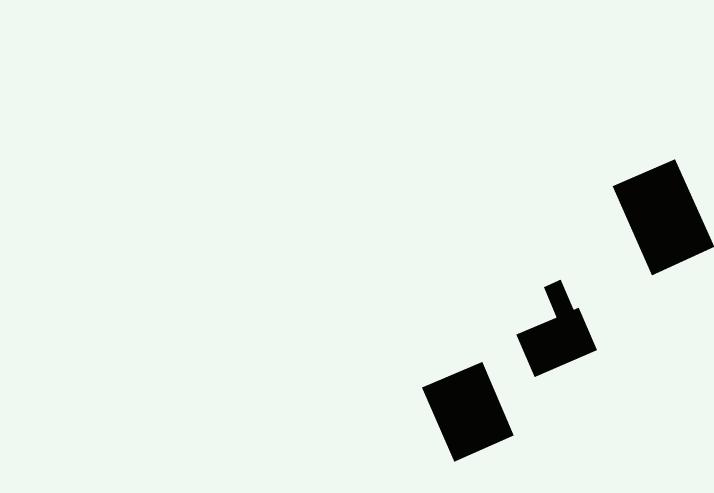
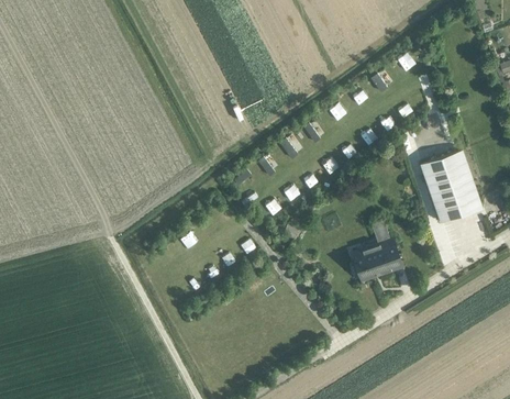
building: [421,361,515,463] -> none

